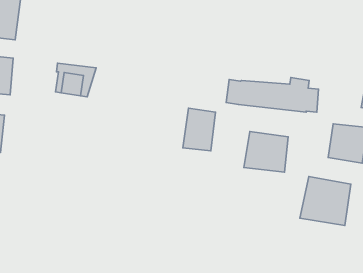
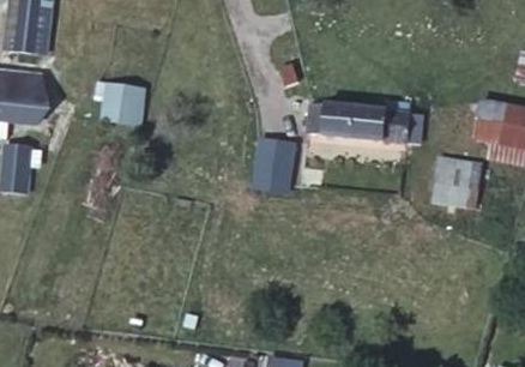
building: [244,132,288,172] -> none
building: [300,177,351,225] -> none

